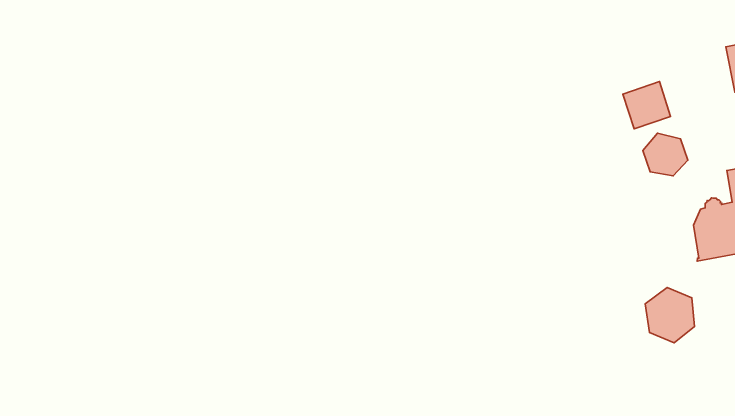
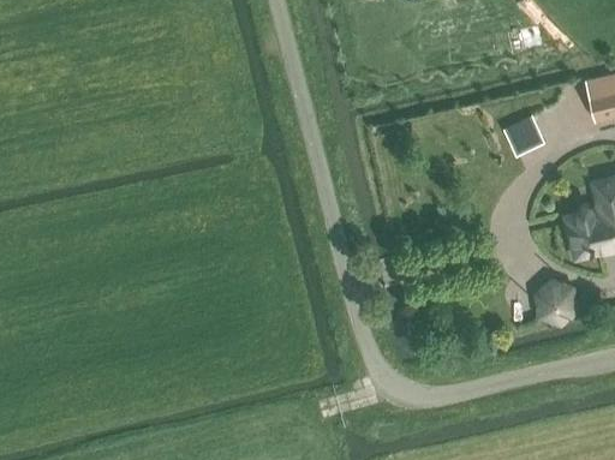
building: [643,133,688,176] -> none

